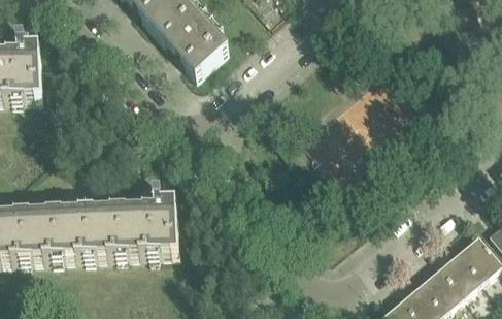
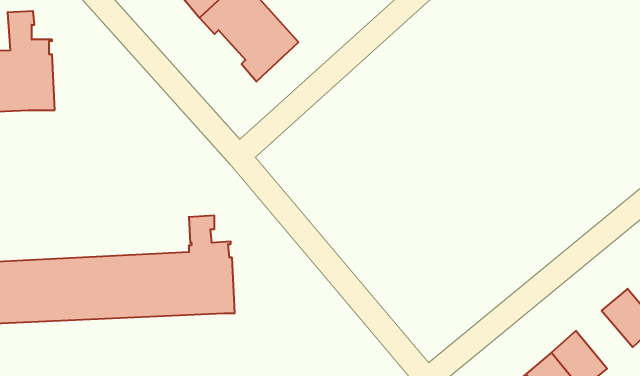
building: [440,250,483,294] -> none

